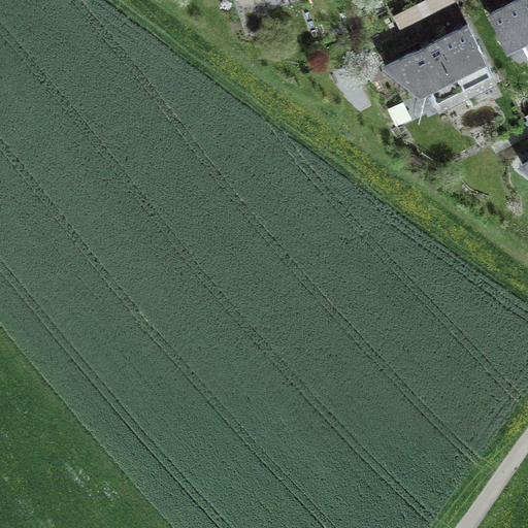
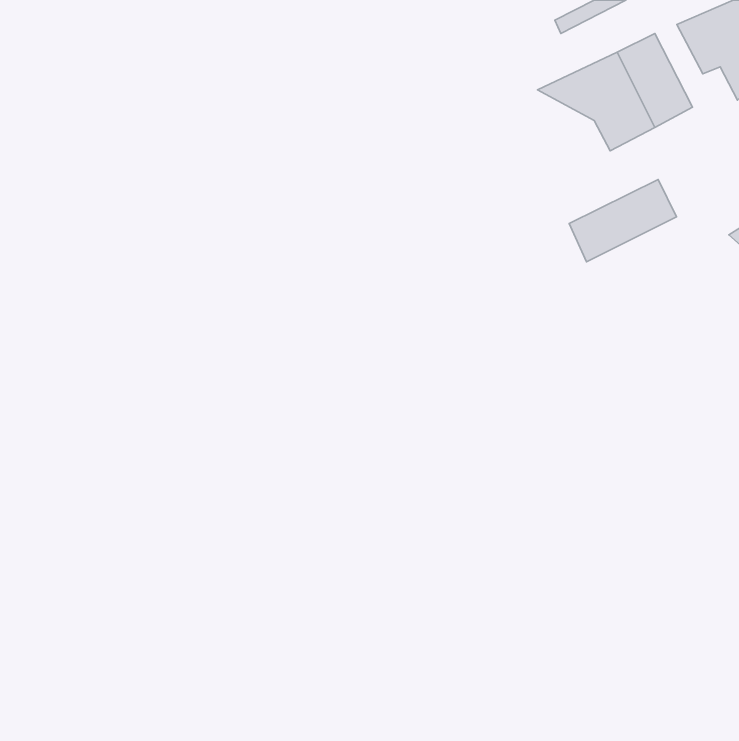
building: none -> [569,180,677,262]

